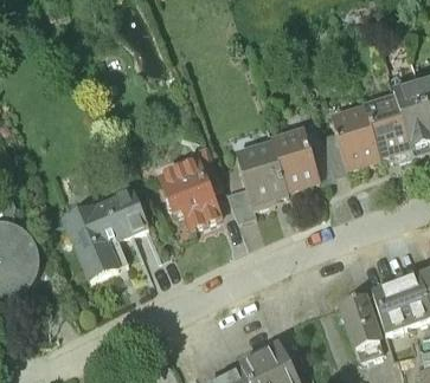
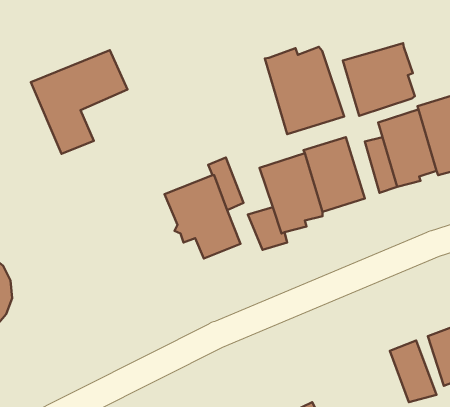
building: none -> [343,43,415,116]
building: none -> [265,47,344,134]
building: [65,189,143,273] -> [31,50,127,154]

